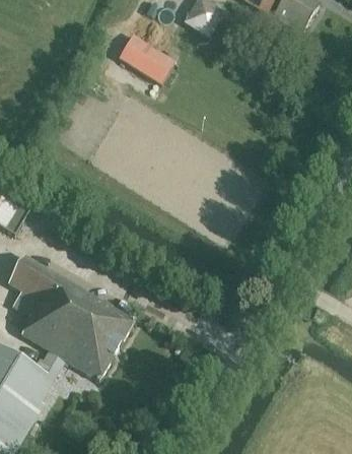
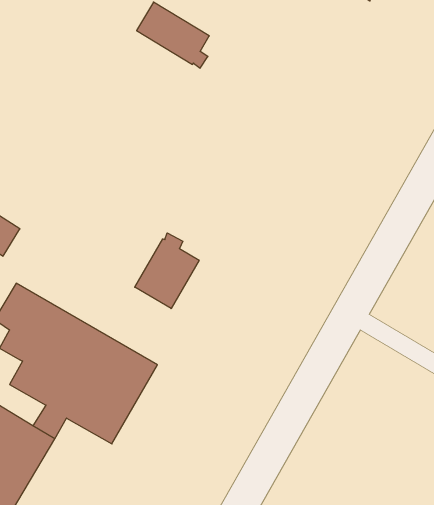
building: none -> [135,233,199,309]

